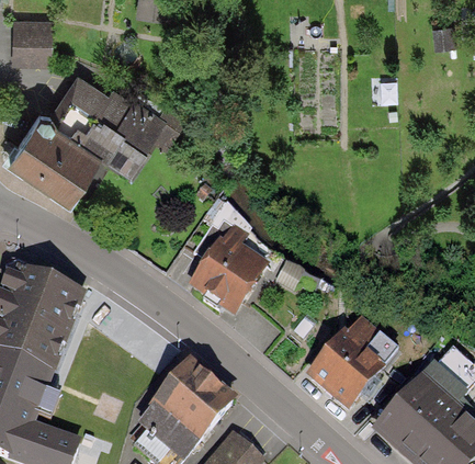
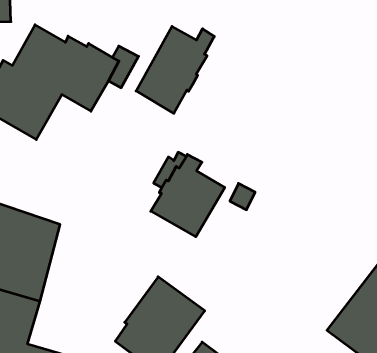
building: none -> [136,26,214,113]
building: [305,317,400,411] -> none

